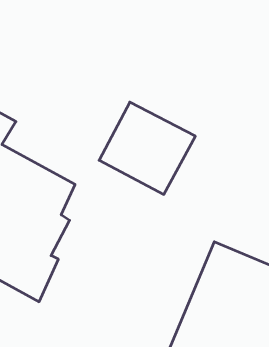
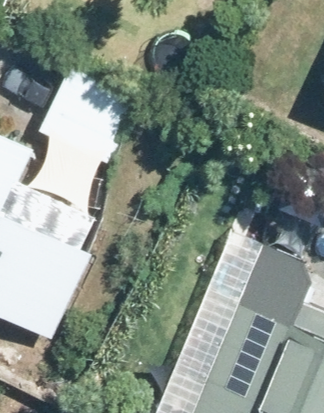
building: [99,102,195,194] -> [36,68,140,168]

